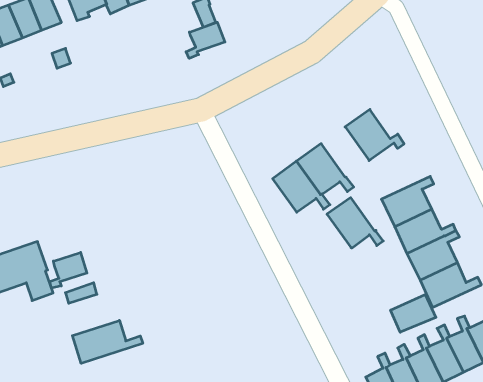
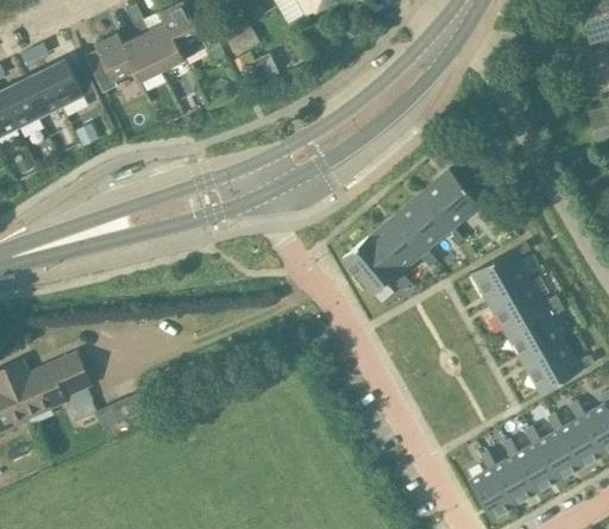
building: [186,22,225,58] -> none
building: [327,198,383,248] -> [396,191,464,250]
building: [50,252,87,288] -> none
building: [391,294,436,332] -> none
building: [72,320,143,363] -> none

